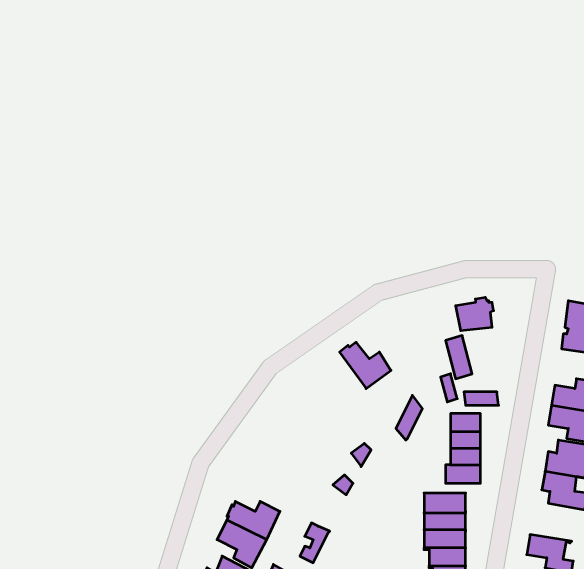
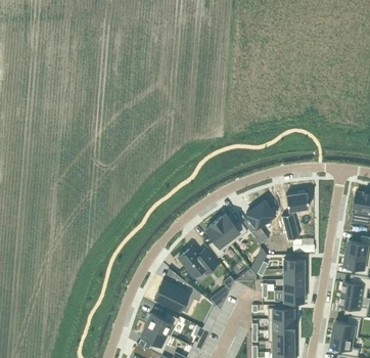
building: none -> [244,199,274,245]
building: none -> [204,222,231,259]
building: none -> [177,248,216,278]
building: none -> [152,275,195,310]
building: none -> [332,318,361,339]

